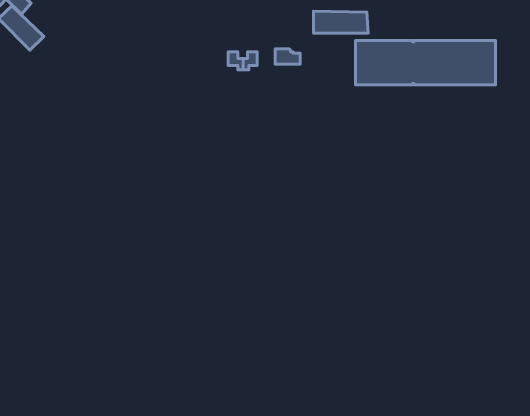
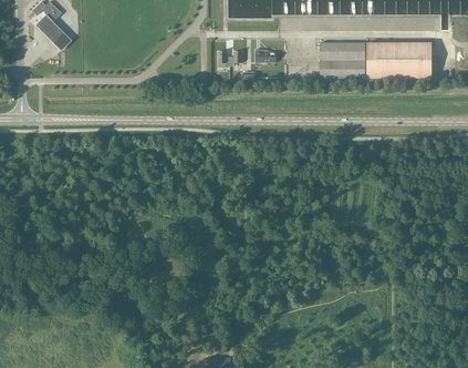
building: [314,11,368,33] -> none

